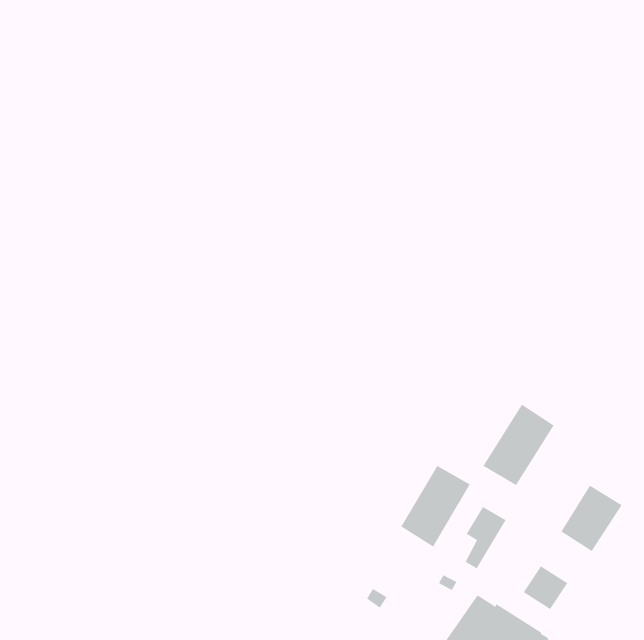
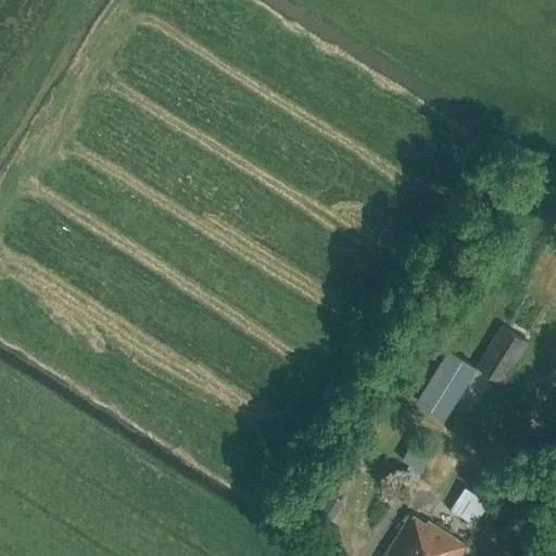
building: [400,465,471,547] -> none
building: [561,485,622,552] -> [476,328,529,386]

